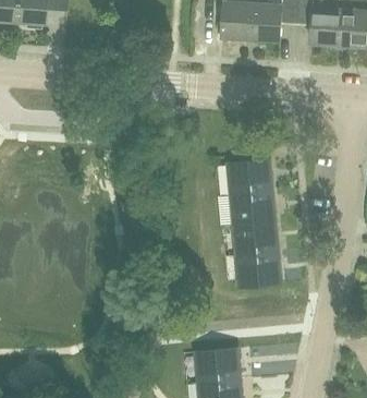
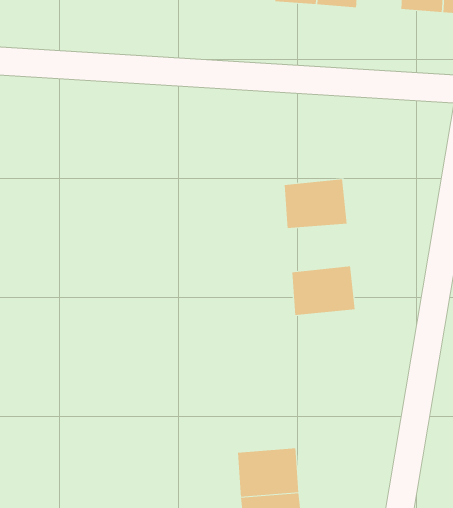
building: [230,192,274,226] -> none
building: [235,252,280,287] -> none

